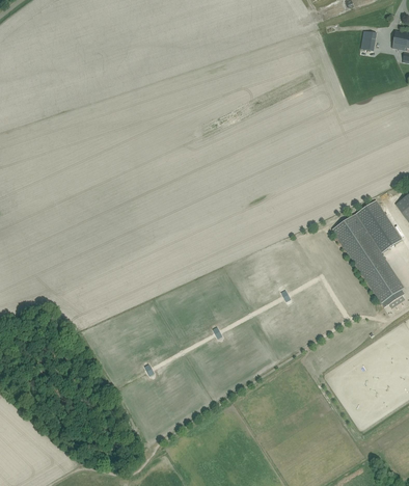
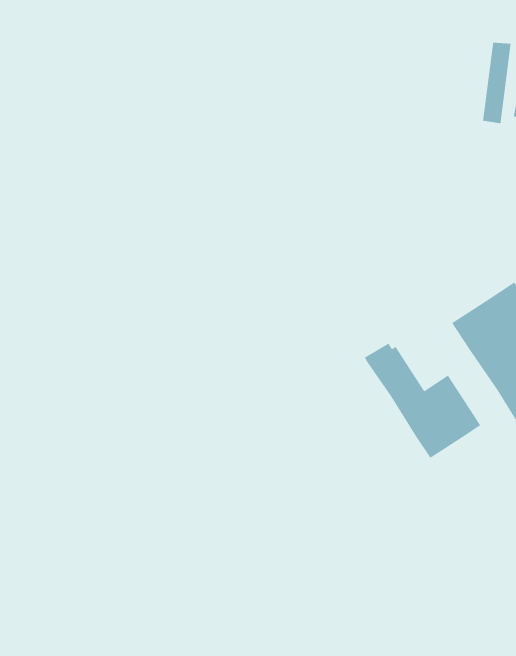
building: none -> [364,342,481,459]

